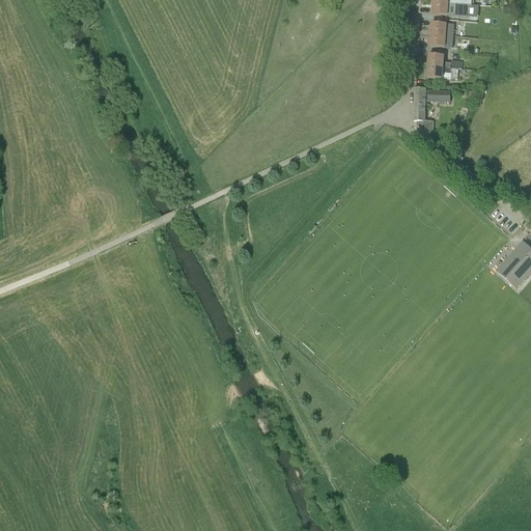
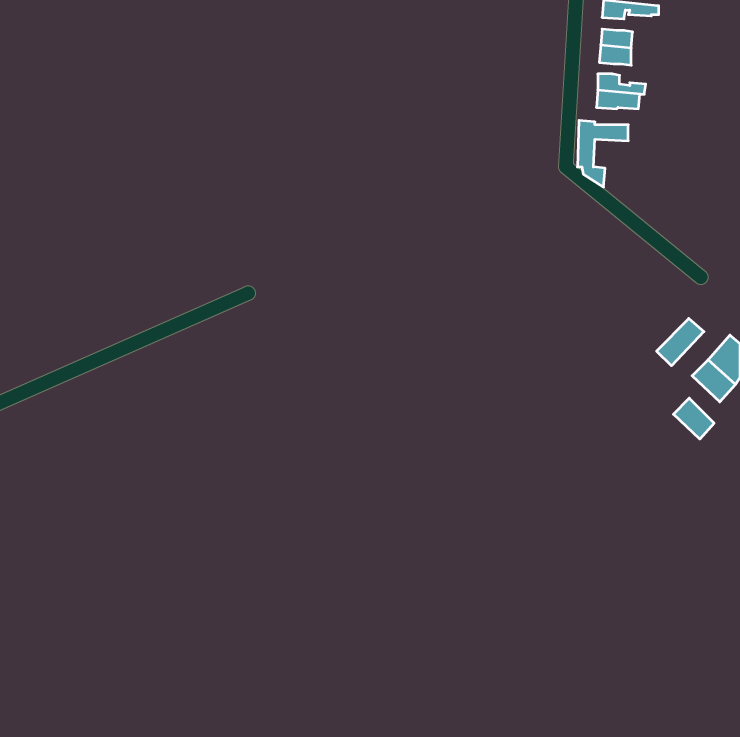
building: none -> [657,318,704,366]
building: none -> [673,398,714,439]

